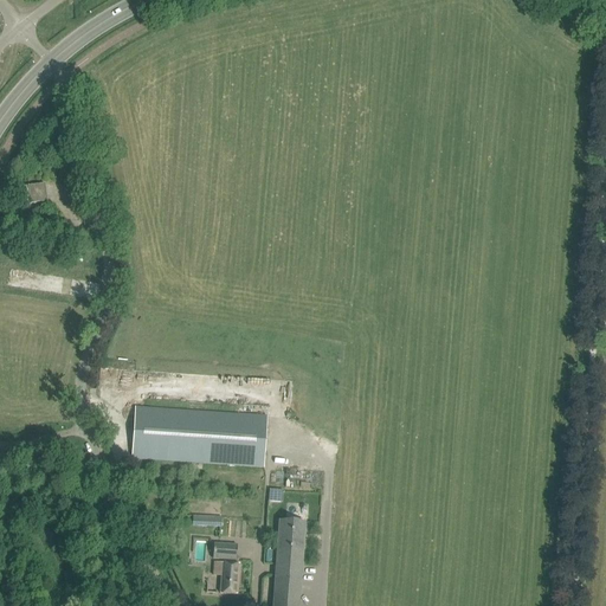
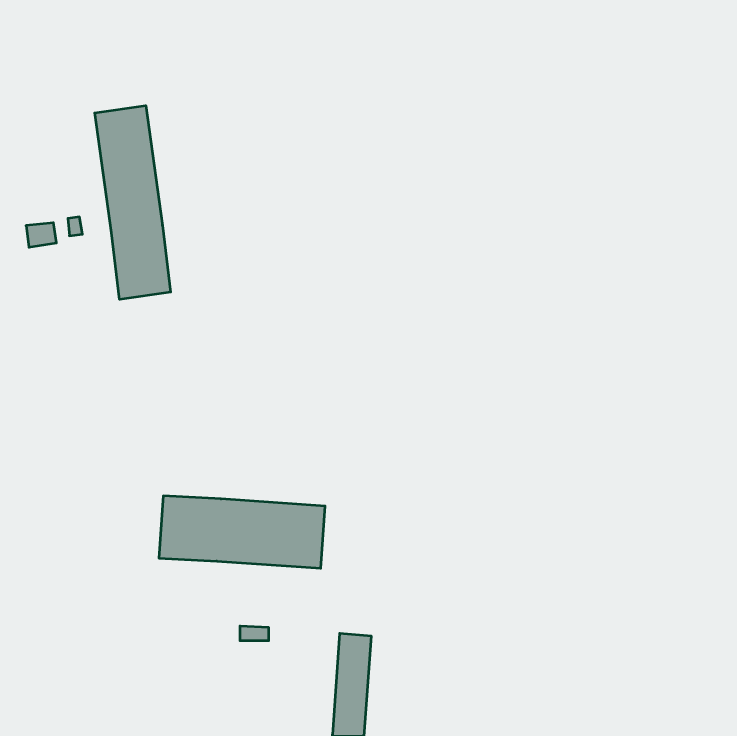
building: none -> [95,106,171,299]
building: [212,542,238,593] -> none

